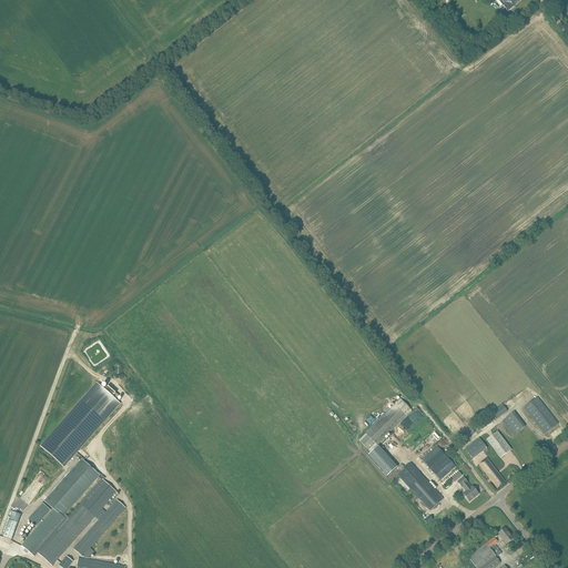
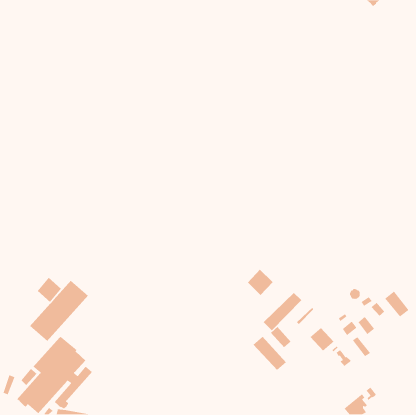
building: none -> [247,269,273,296]
building: none -> [37,277,62,303]
building: [397,462,444,509] -> [253,336,287,371]

